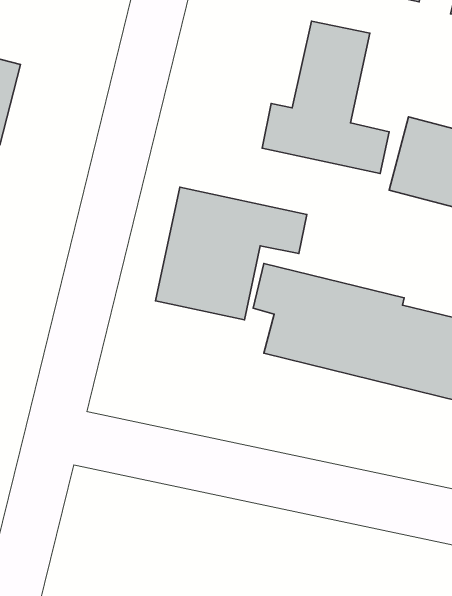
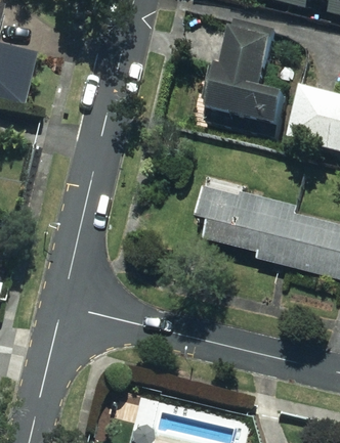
building: [155,187,307,320] -> none

